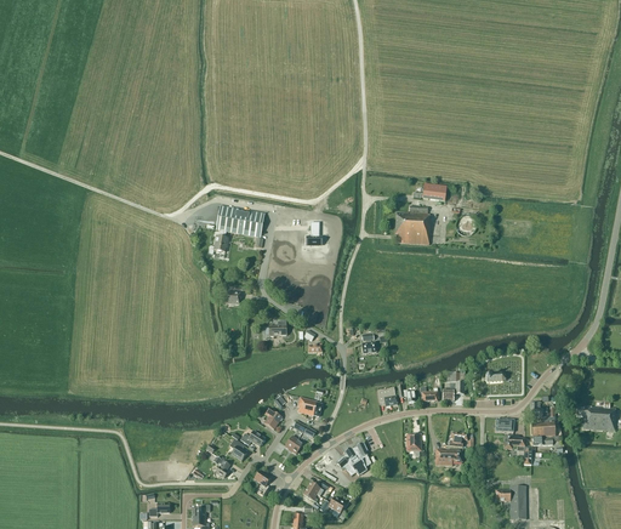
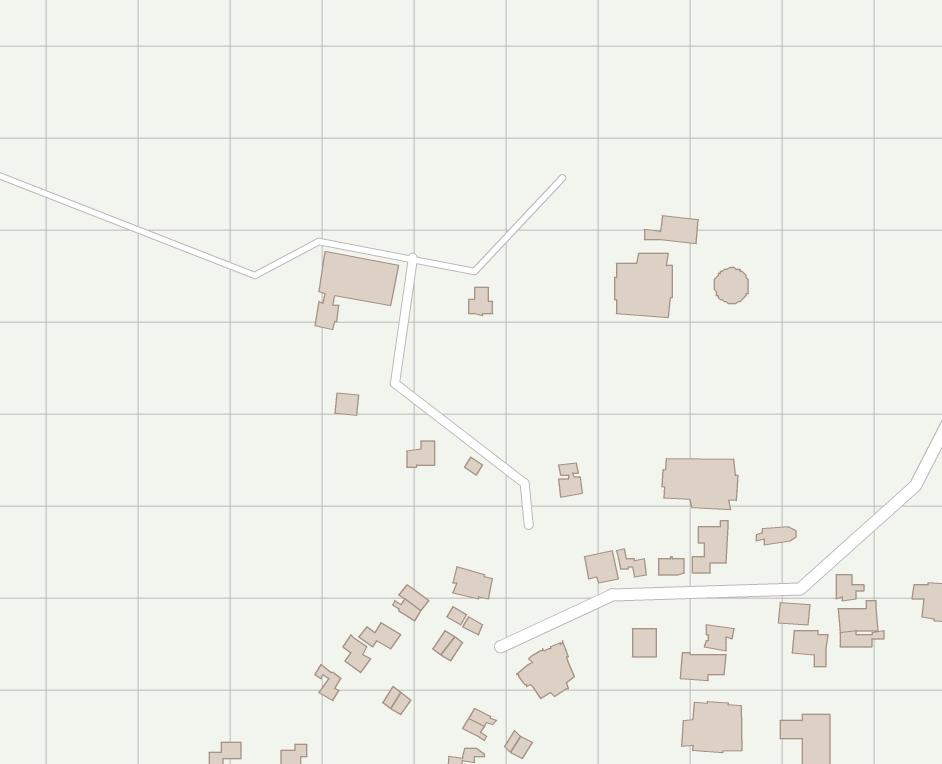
building: none -> [662,459,738,510]
building: none -> [682,701,742,753]

